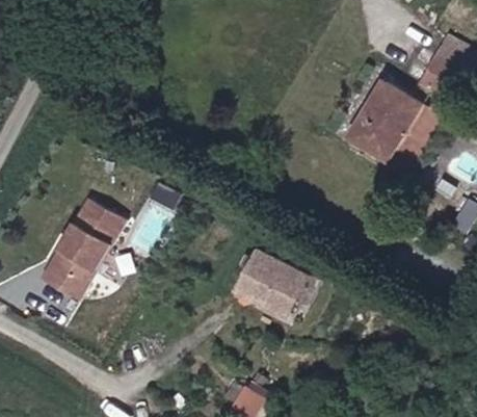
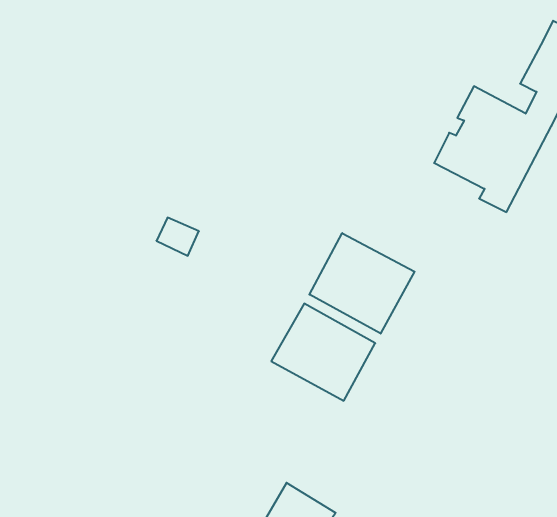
building: none -> [309,233,415,334]
building: [35,198,125,305] -> none

